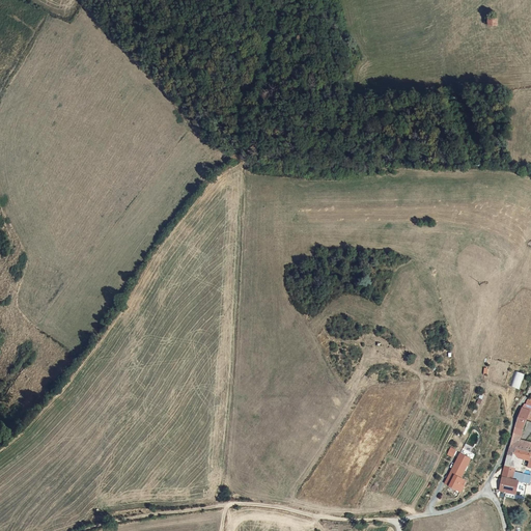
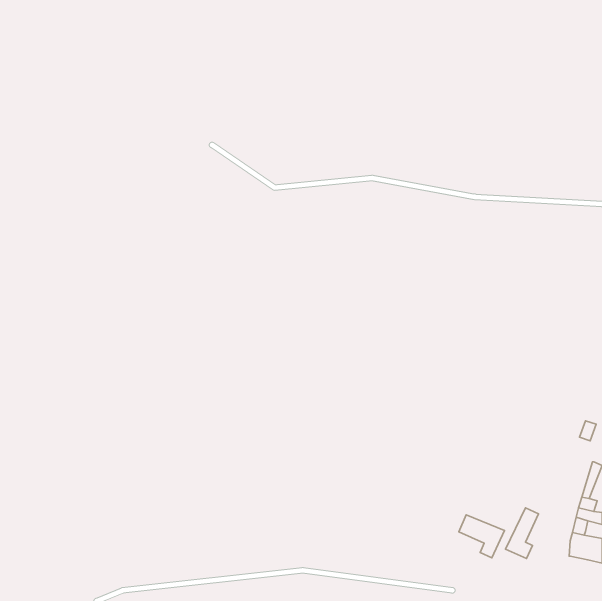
building: none -> [459,515,504,558]

